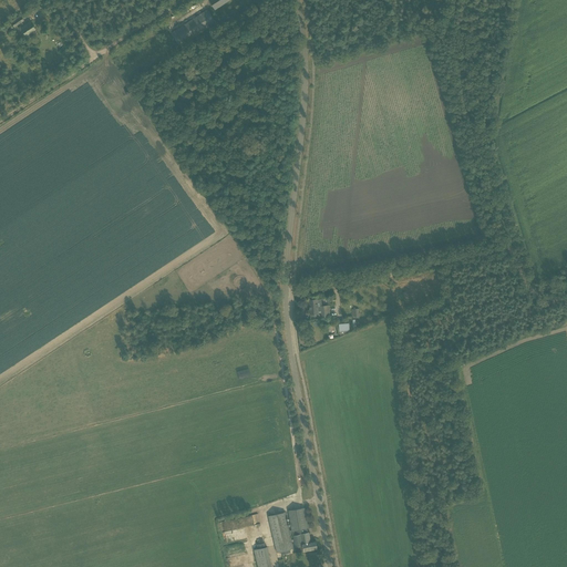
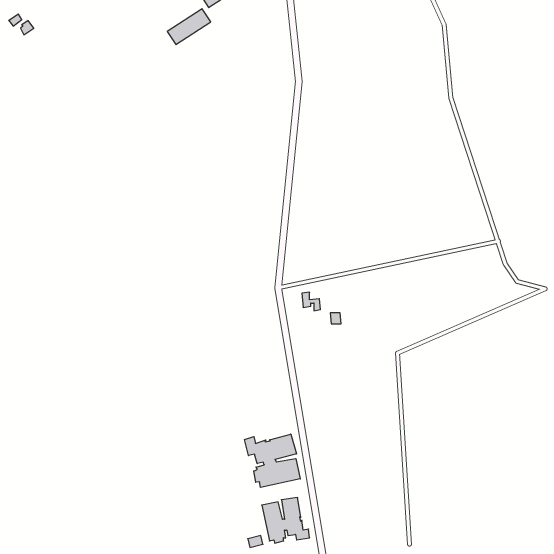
building: none -> [245,434,300,487]

